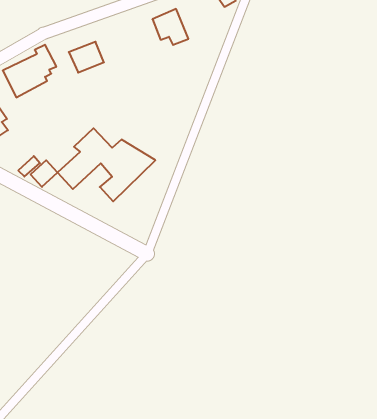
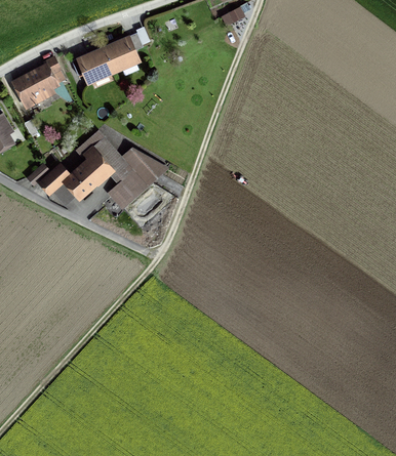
building: [152,9,188,45] -> [104,41,140,77]

